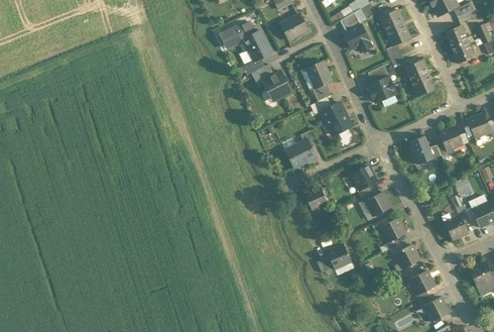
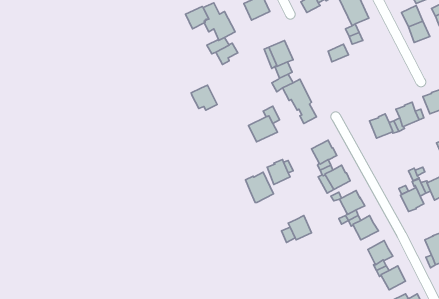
building: [344,24,372,51] -> none
building: [405,59,437,96] -> none
building: [265,71,292,97] -> [191,85,217,110]
building: [369,76,397,102] -> none
building: none -> [245,172,274,202]

